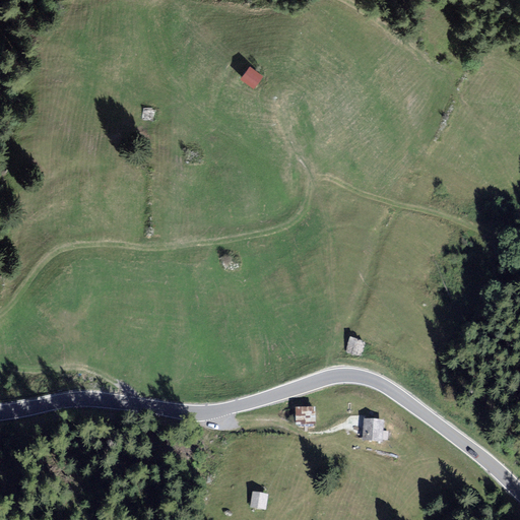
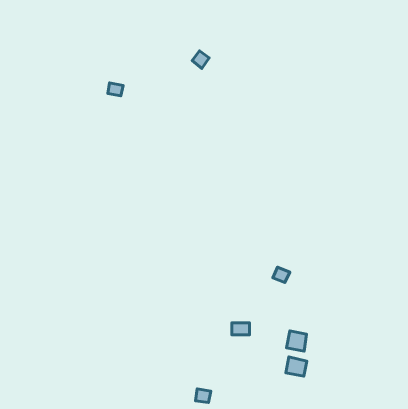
building: none -> [286,357,307,376]

